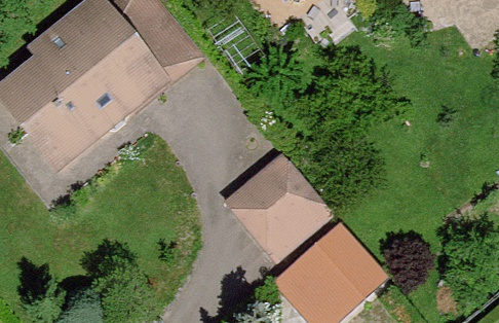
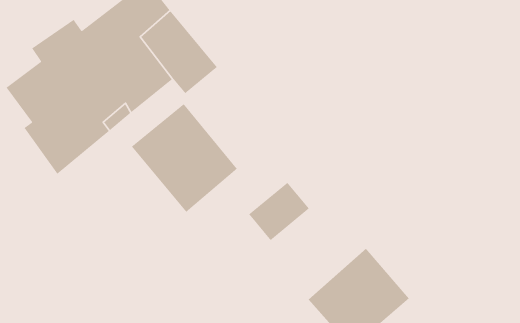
building: none -> [131,103,238,213]
building: [247,157,328,259] -> none

